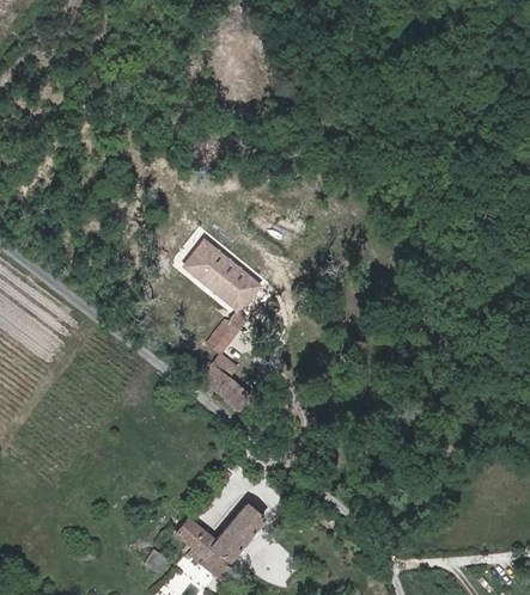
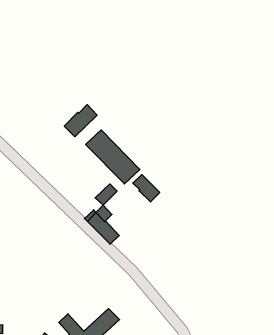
building: none -> [64,105,97,137]
building: none -> [133,175,160,202]

